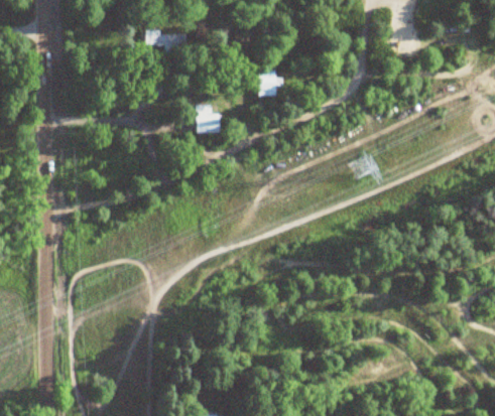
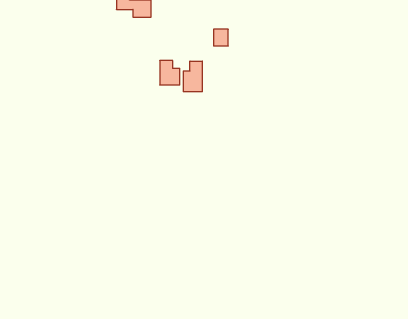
building: none -> [183,61,202,92]

